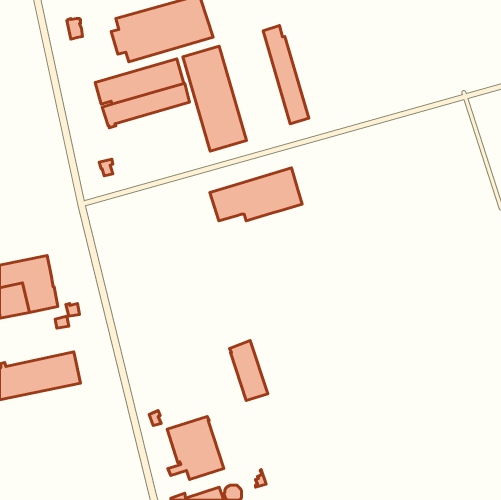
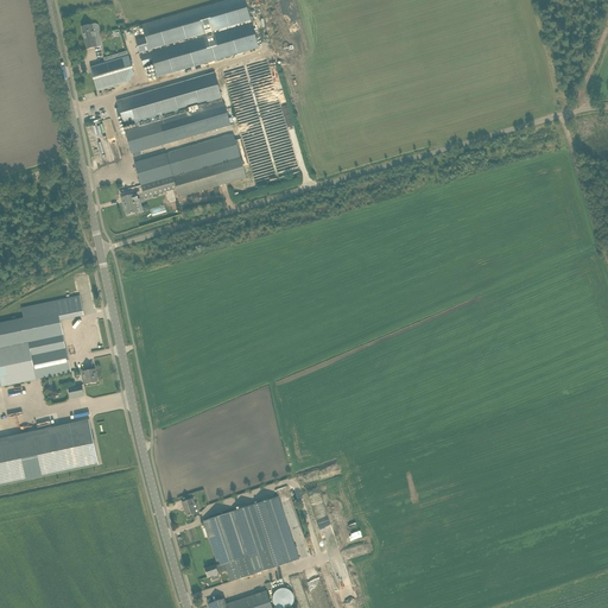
building: [263,26,309,124] -> none
building: none -> [89,49,132,89]
building: [210,168,302,221] -> [133,132,245,196]
building: [229,341,268,401] -> [251,494,297,566]

